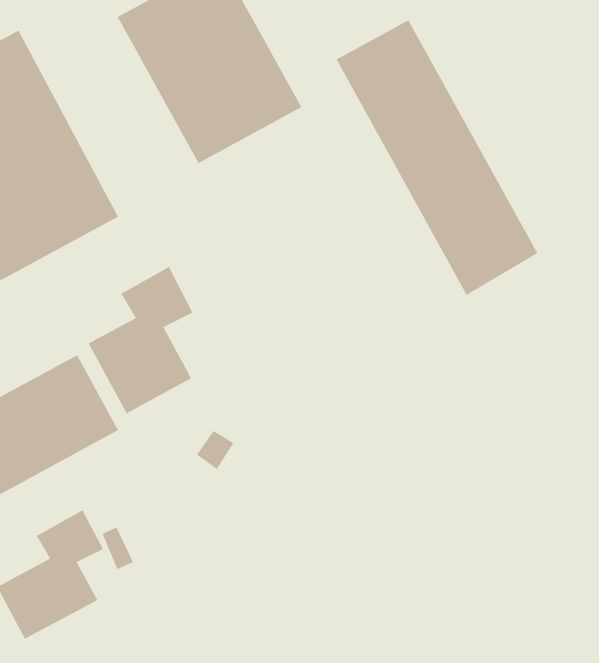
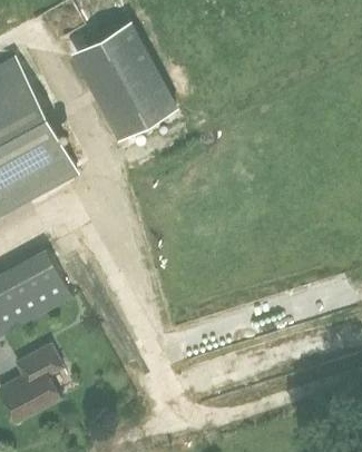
building: [336,20,538,296] -> none
building: [88,266,193,414] -> none

